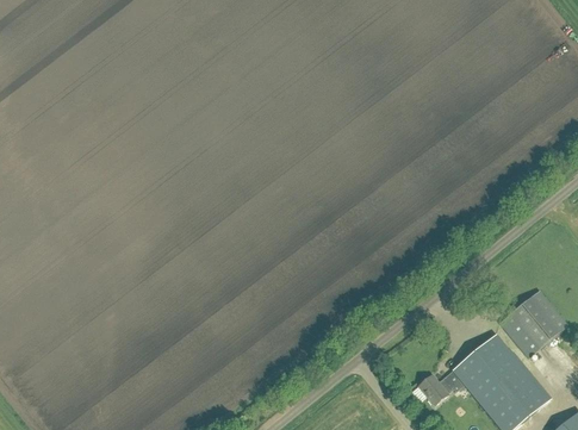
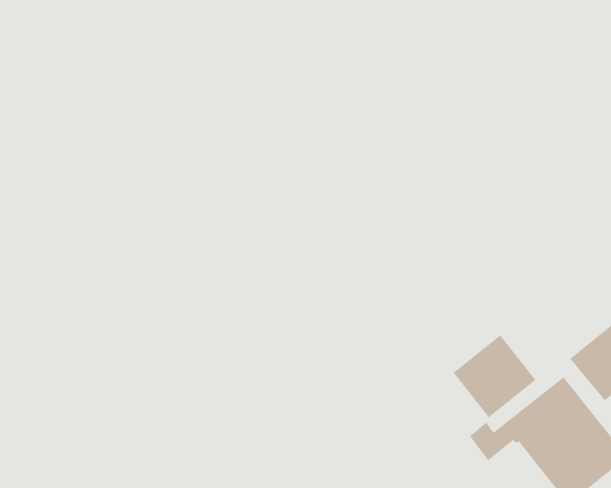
building: none -> [453,335,536,418]

